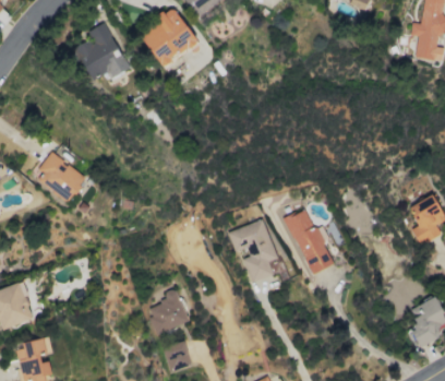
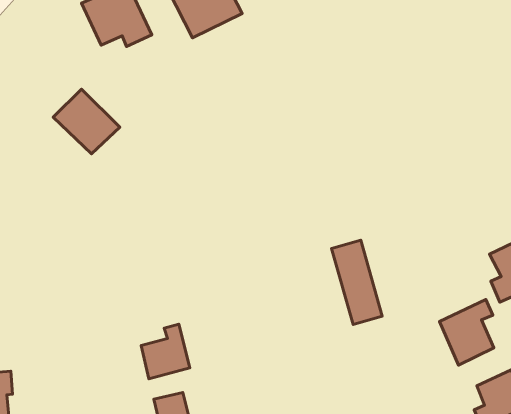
building: [35,153,87,202] -> [53,89,120,154]
building: [229,219,277,282] -> none
building: none -> [439,300,494,365]

